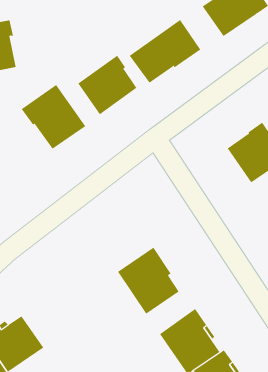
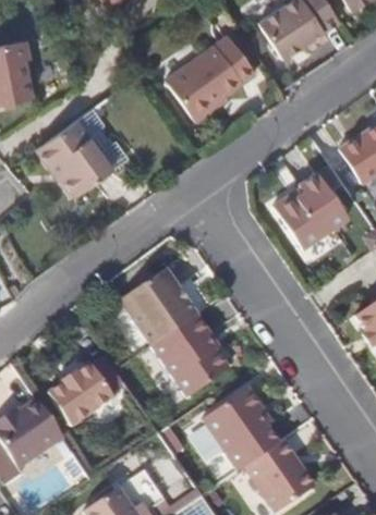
building: [77,55,137,115] -> none
building: none -> [124,273,198,346]
building: none -> [48,364,114,427]

